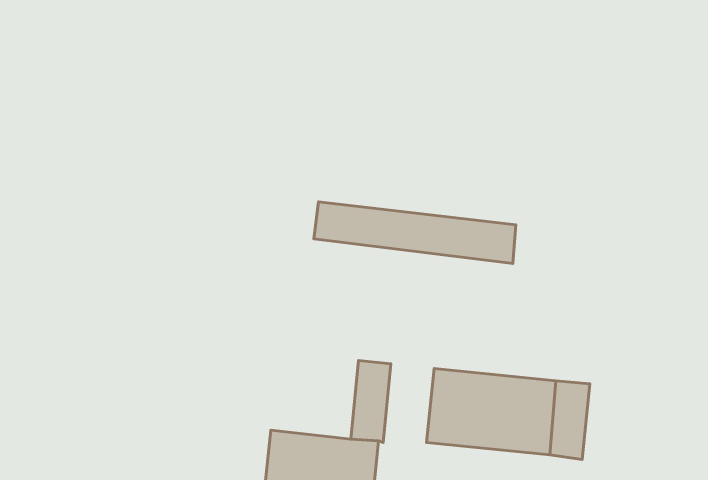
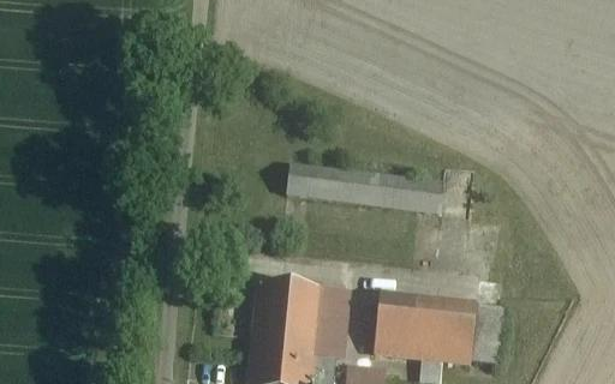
building: none -> [252,280,321,348]

